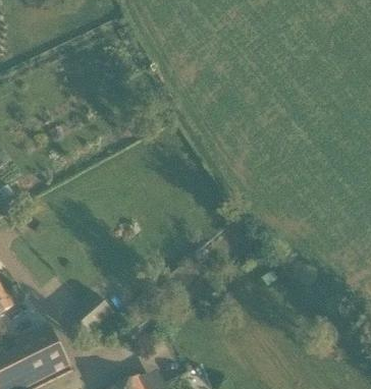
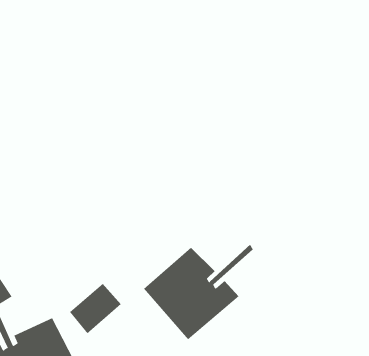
building: none -> [143,244,253,340]

